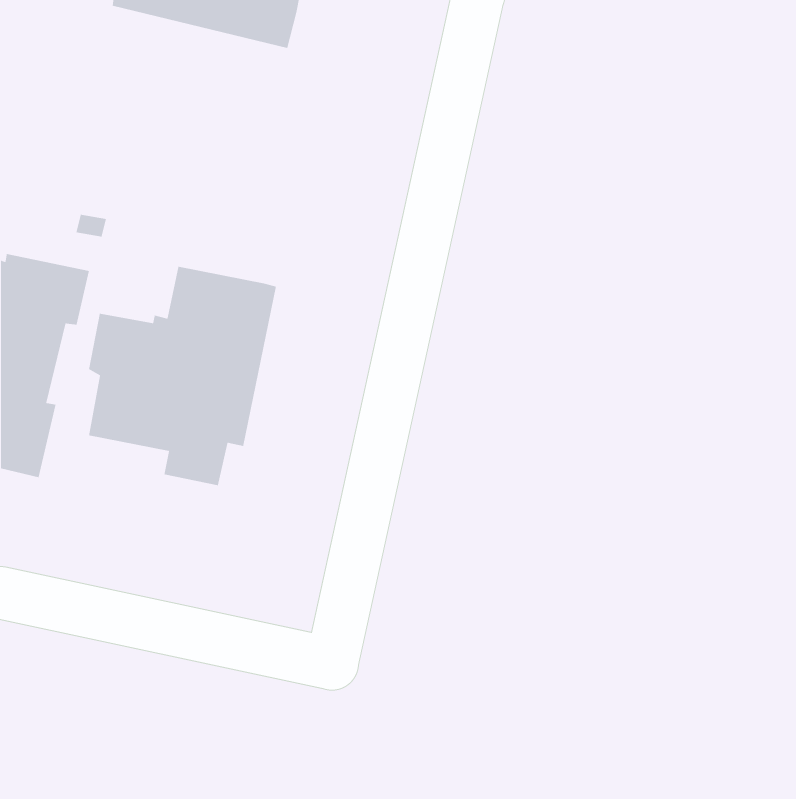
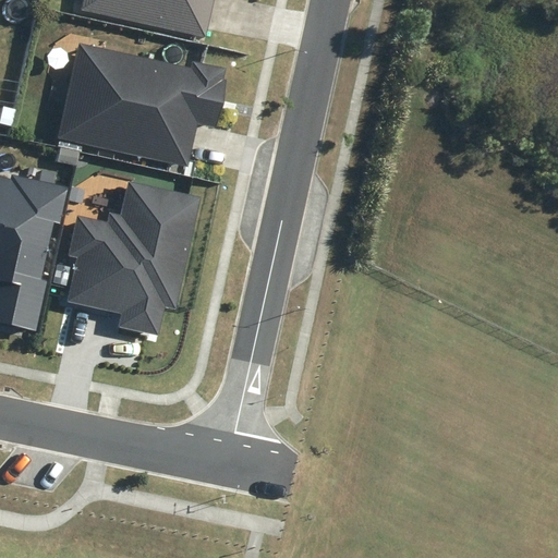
building: none -> [57,46,222,167]

